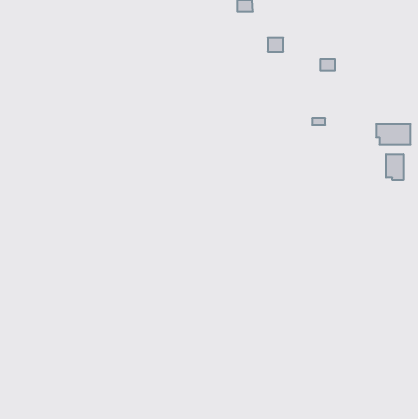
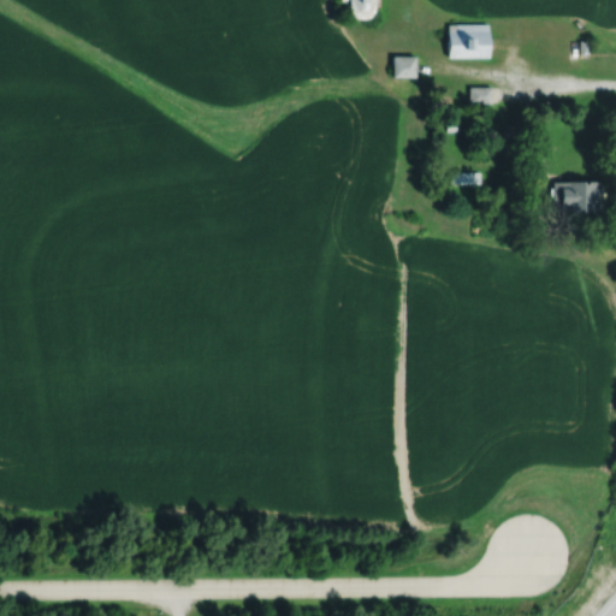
building: none -> [450,25,491,58]
building: [386,154,403,180] -> none

